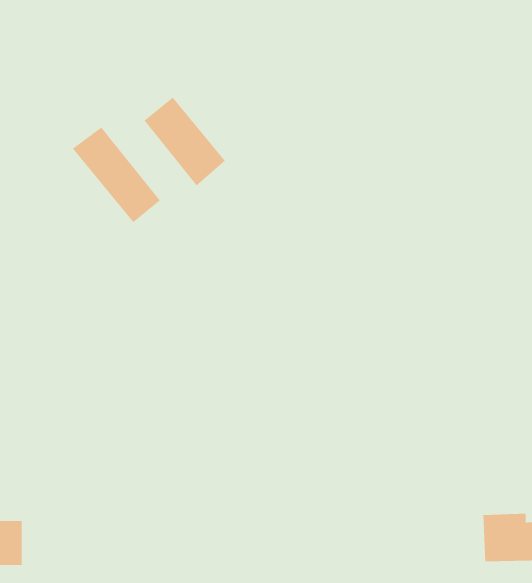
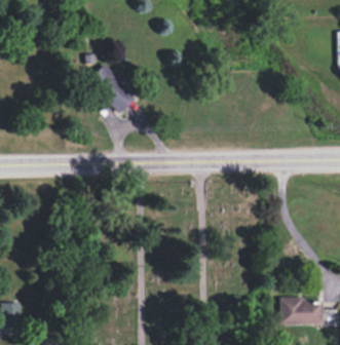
building: [72,126,161,223] -> none

